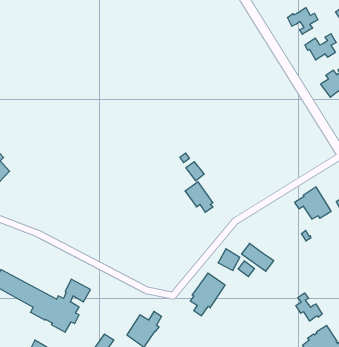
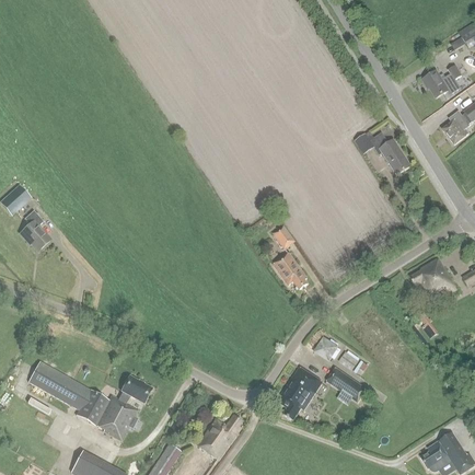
building: [287,8,318,34] -> none
building: none -> [369,130,409,173]
building: [242,243,274,271] -> [326,367,367,402]
building: [296,293,322,321] -> none

